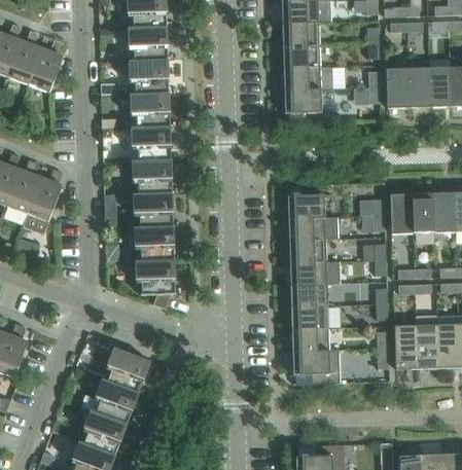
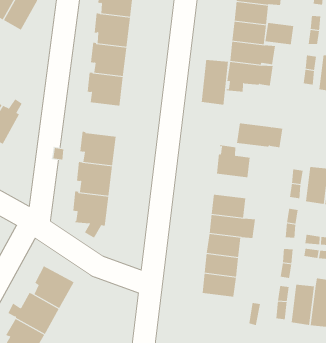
building: none -> [265,22,294,45]
building: none -> [201,59,229,106]
building: [132,159,172,194] -> none
building: [288,217,337,241] -> [236,123,283,148]
building: [292,350,340,385] -> none

